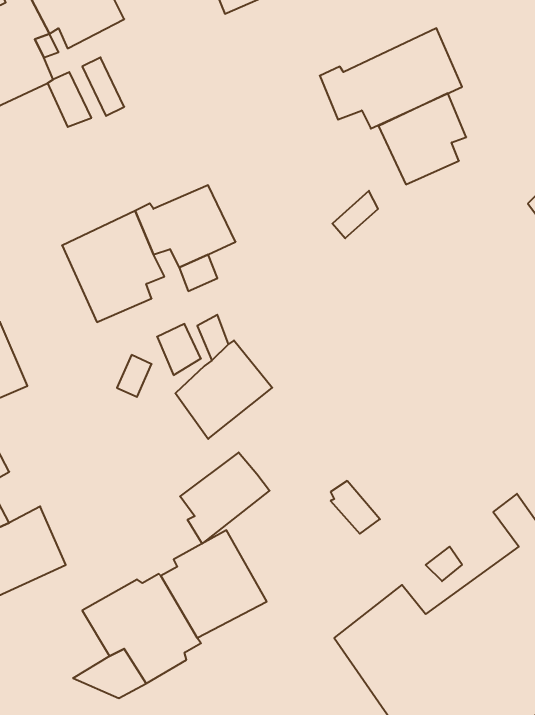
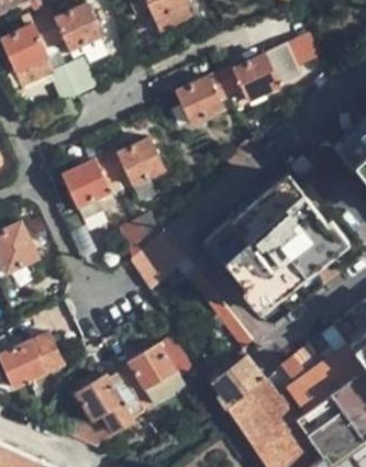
building: [379,93,466,184] -> [175,70,228,125]
building: none -> [210,178,341,305]
building: [180,452,270,544] -> [212,354,266,409]

